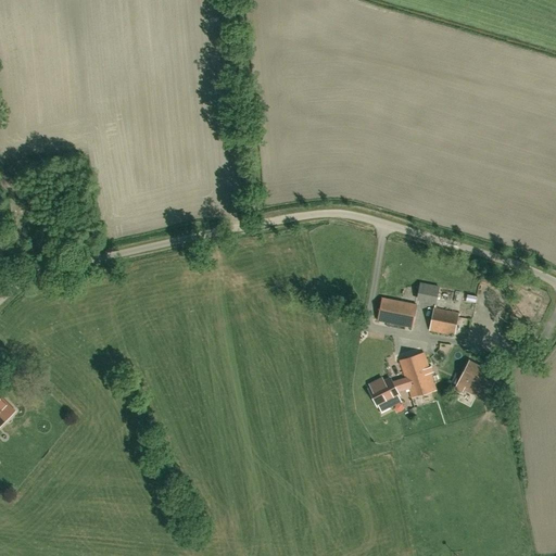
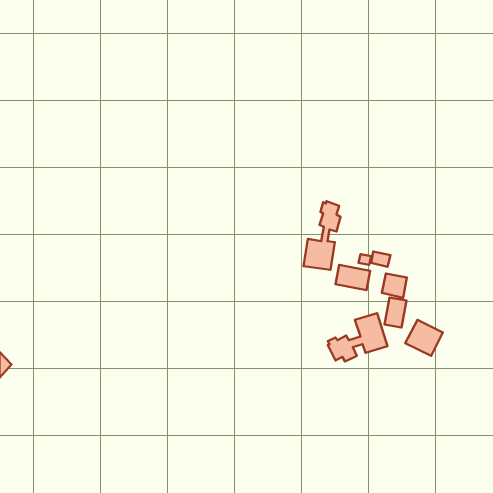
building: none -> [304,201,341,270]
building: none -> [384,297,407,328]

